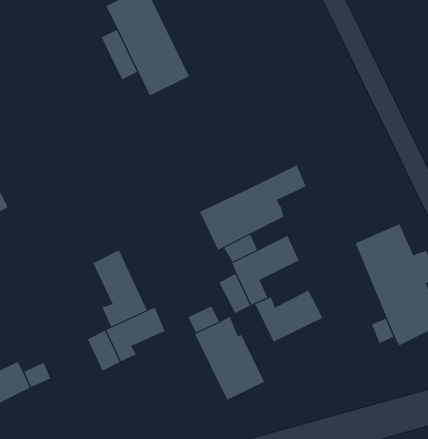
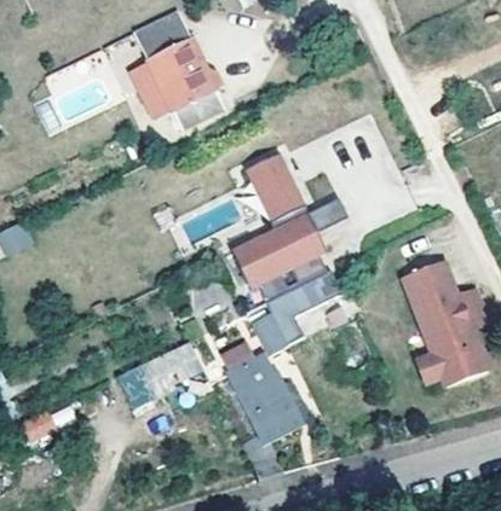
building: none -> [253,156,307,225]
building: [92,249,147,327] -> none
building: [254,290,323,343] -> none

